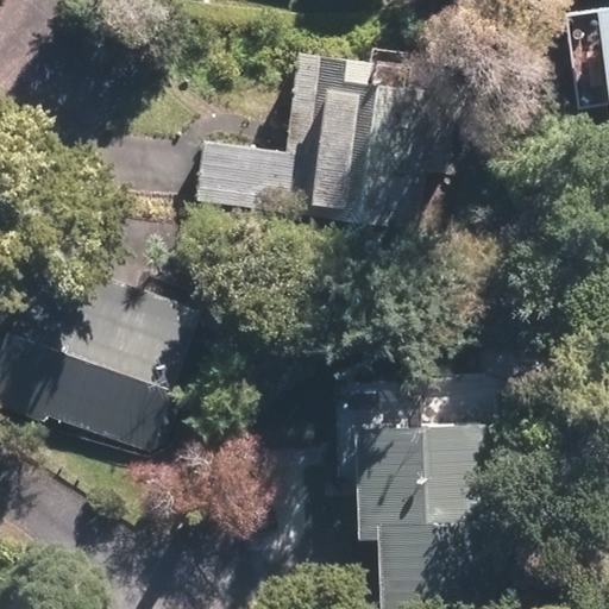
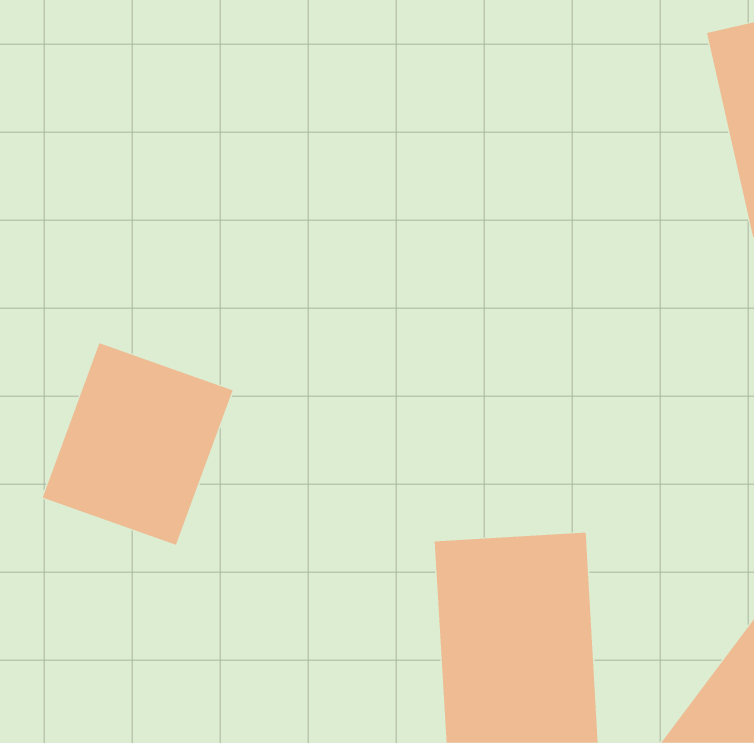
building: [196,83,420,219] -> none

